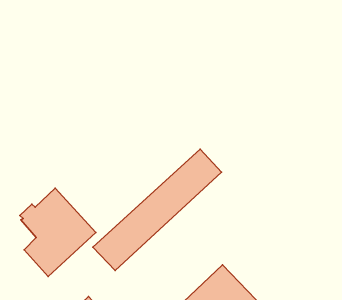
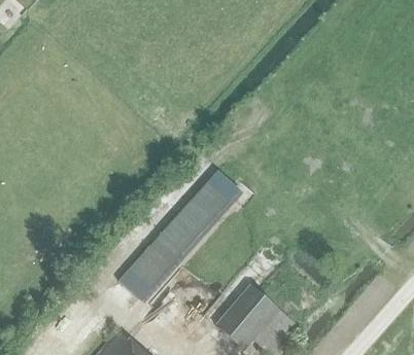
building: [20,188,96,276] -> none

